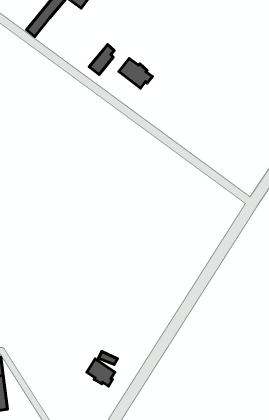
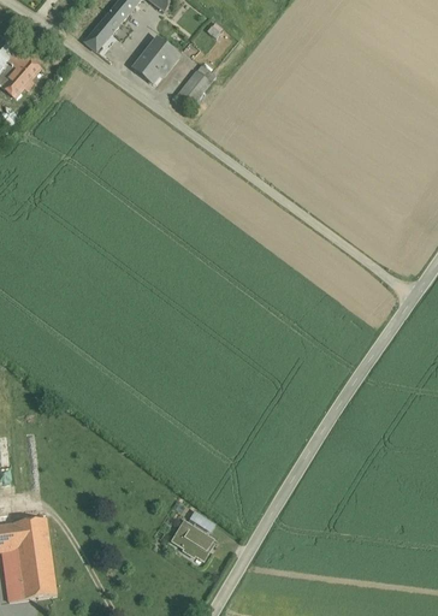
building: none -> [132,40,177,81]
building: [119,58,152,88] -> none

